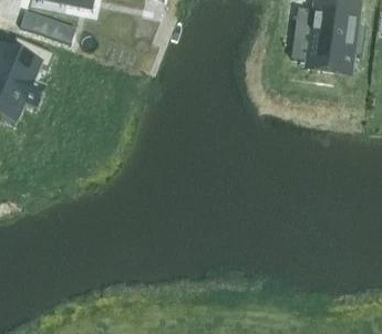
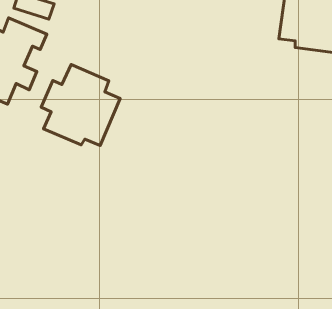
building: none -> [41,65,120,146]

